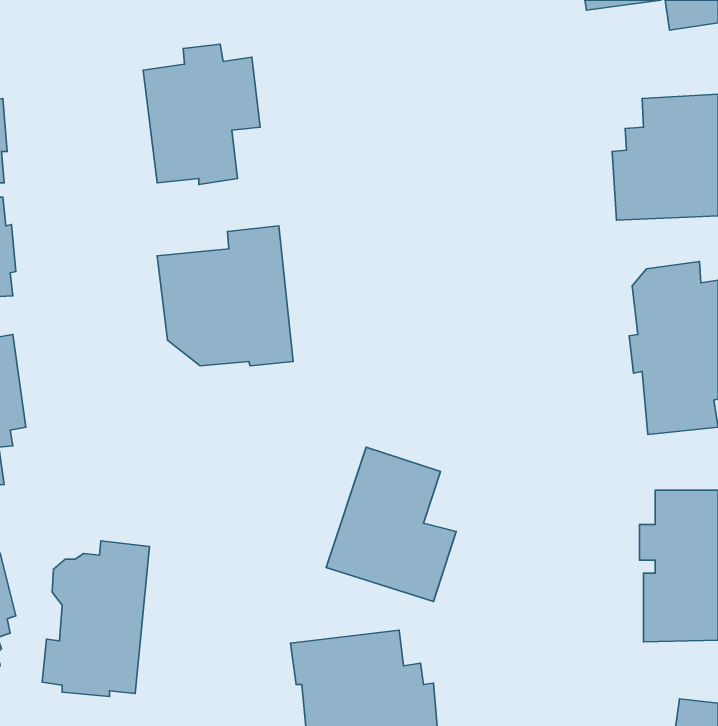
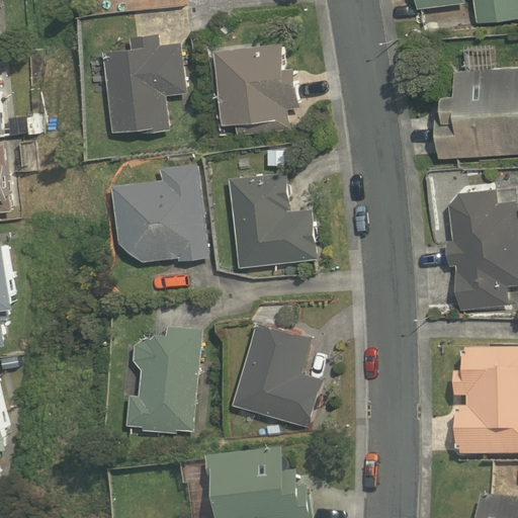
building: none -> [212,42,298,138]
building: none -> [229,172,317,268]
building: [42,541,149,696] -> [125,325,201,435]

